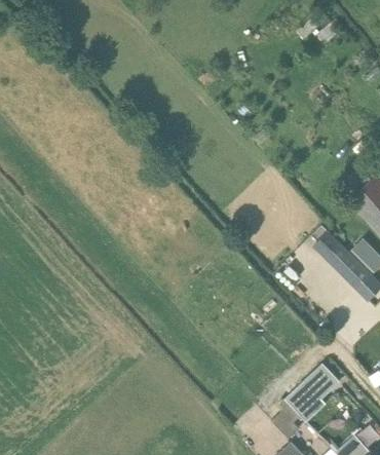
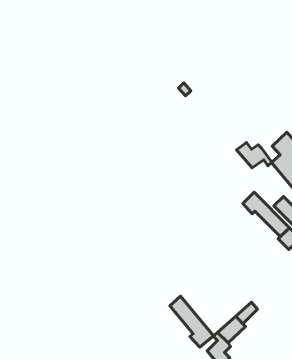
building: none -> [237,142,272,168]
building: none -> [170,296,214,347]

